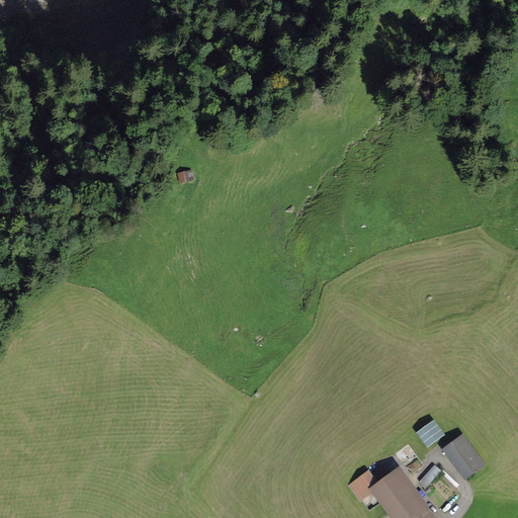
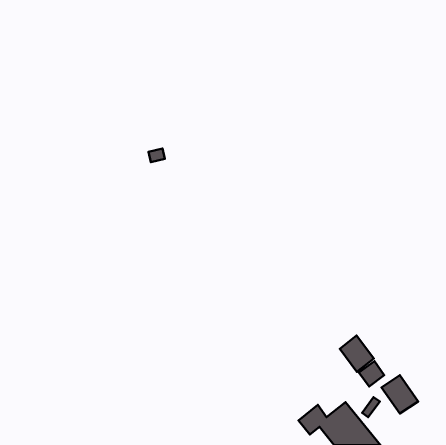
building: none -> [340,335,374,372]

